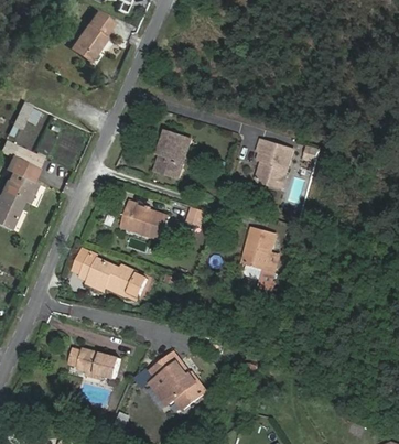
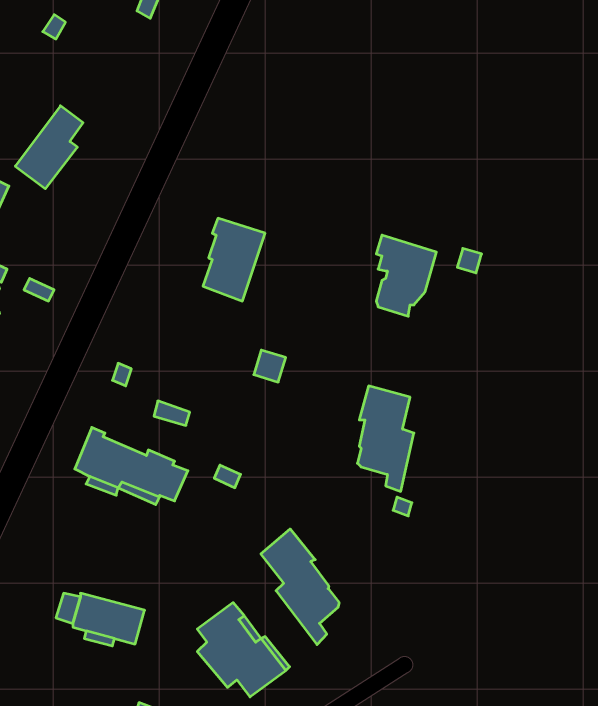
building: [69,13,109,62] -> [15,106,83,189]
building: [121,204,170,239] -> none
building: none -> [261,529,339,645]

